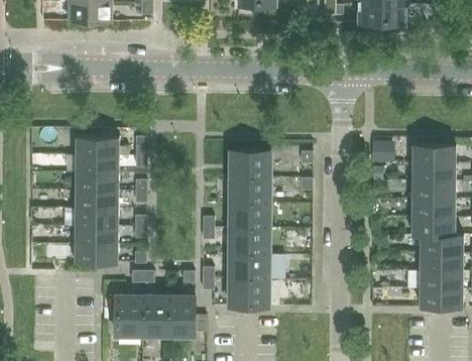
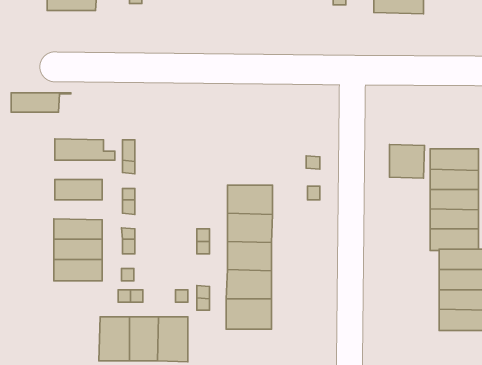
building: [230,150,270,177] -> none
building: [76,155,129,172] -> [11,93,71,112]
building: [75,191,118,209] -> none

